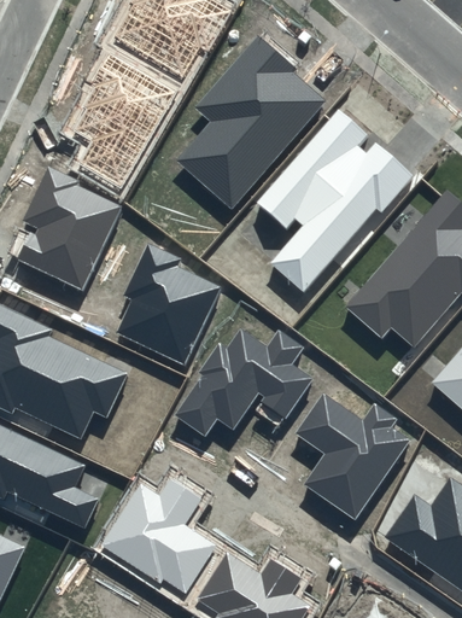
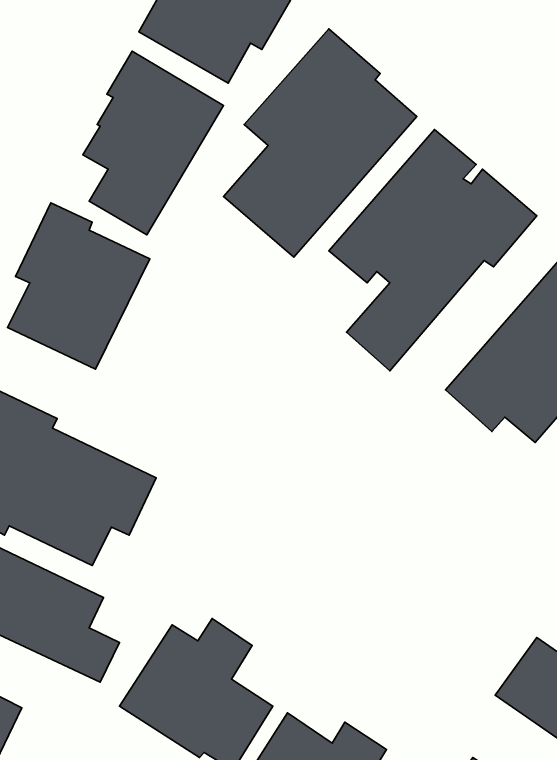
building: [115,244,221,366] -> none
building: [175,328,312,436] -> none
building: [296,393,410,518] -> none

